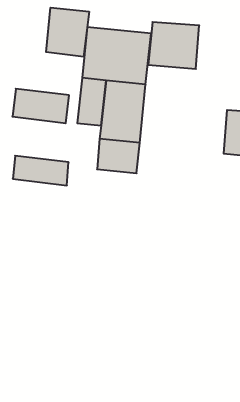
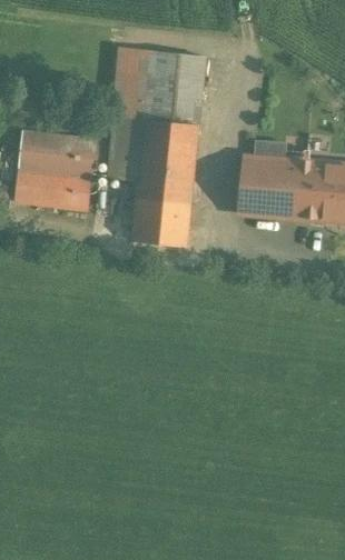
building: [46,8,89,57] -> none
building: [148,22,199,69] -> [239,154,308,218]
building: [13,156,69,185] -> [14,168,90,208]

